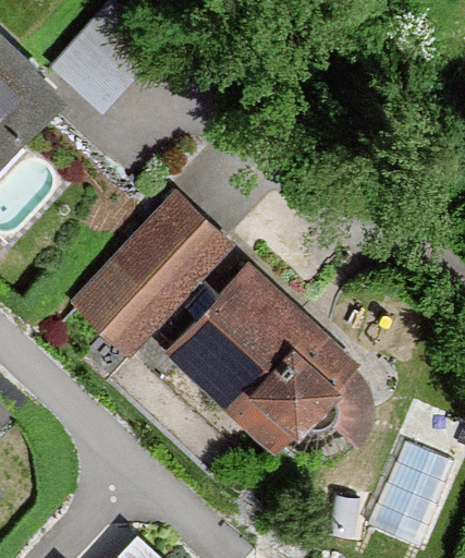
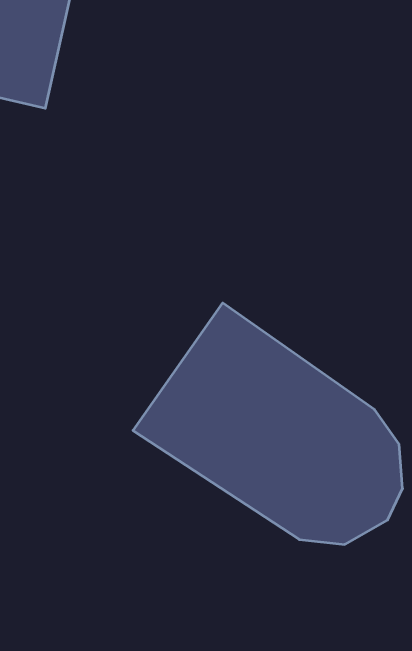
building: [69,191,234,356] -> none

